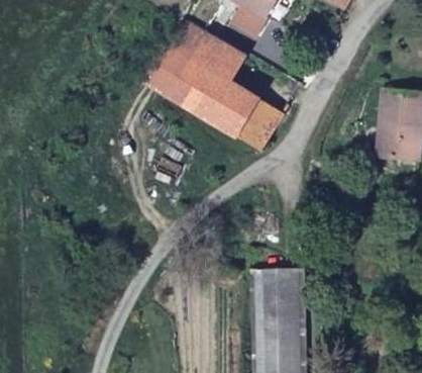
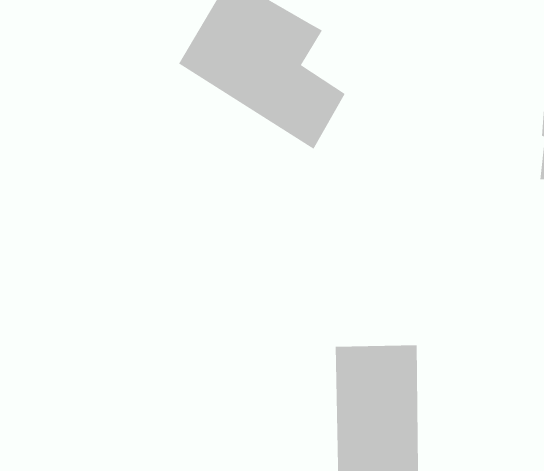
building: [234,98,282,152] -> none

